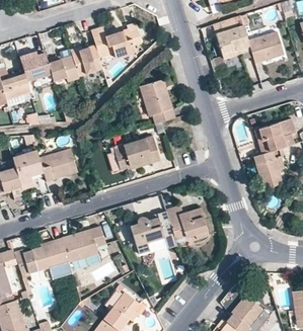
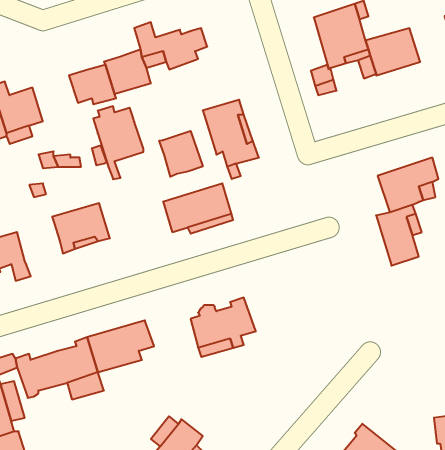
building: [22,53,56,101] -> [93,106,143,179]
building: none -> [159,131,203,177]
building: [12,149,44,188] -> none
building: [166,205,209,239] -> none

